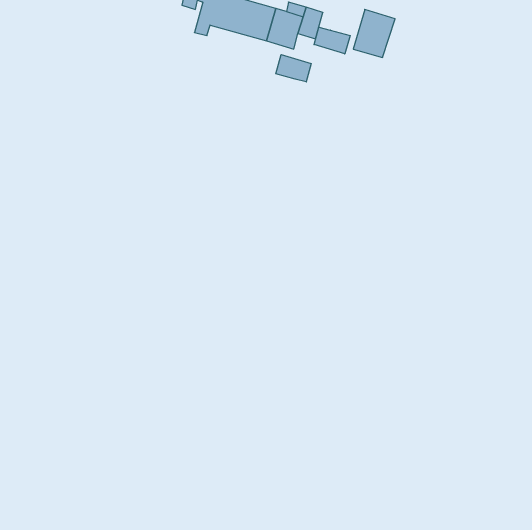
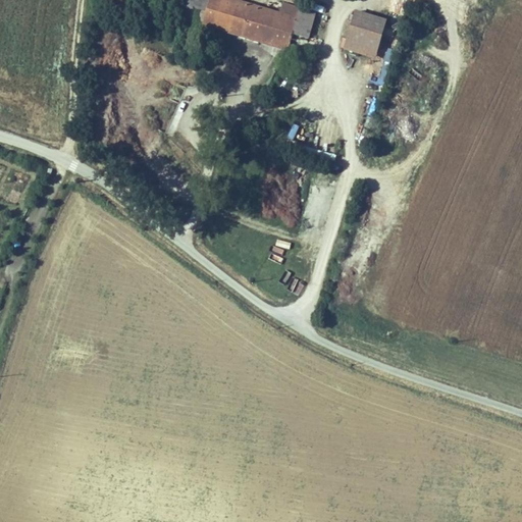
building: [314,27,350,54] -> none
building: [276,55,311,82] -> none

